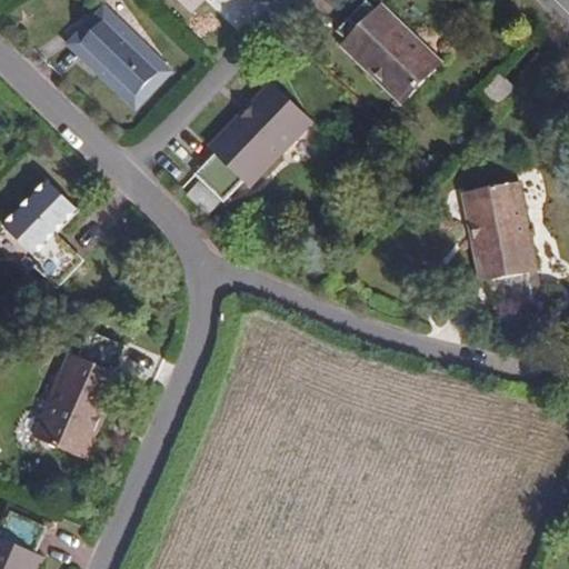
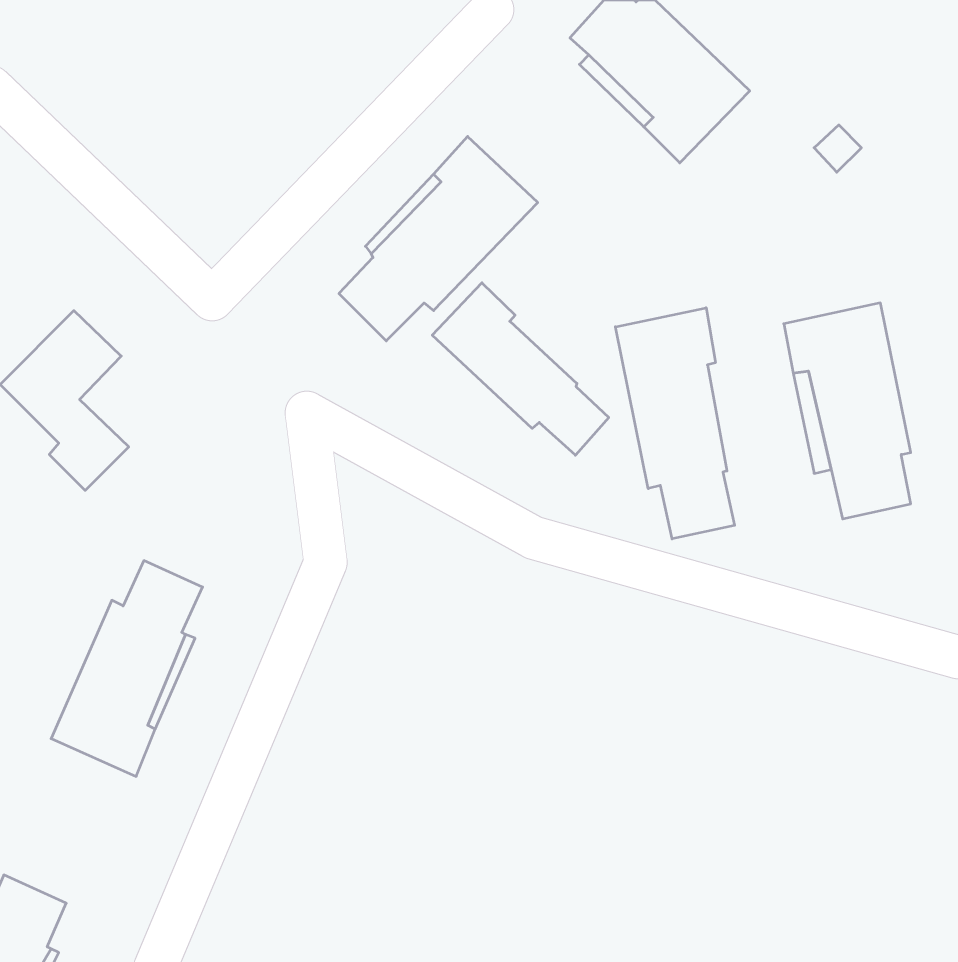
building: [69,8,162,99] -> none
building: none -> [432,283,609,455]
building: none -> [615,308,735,539]

